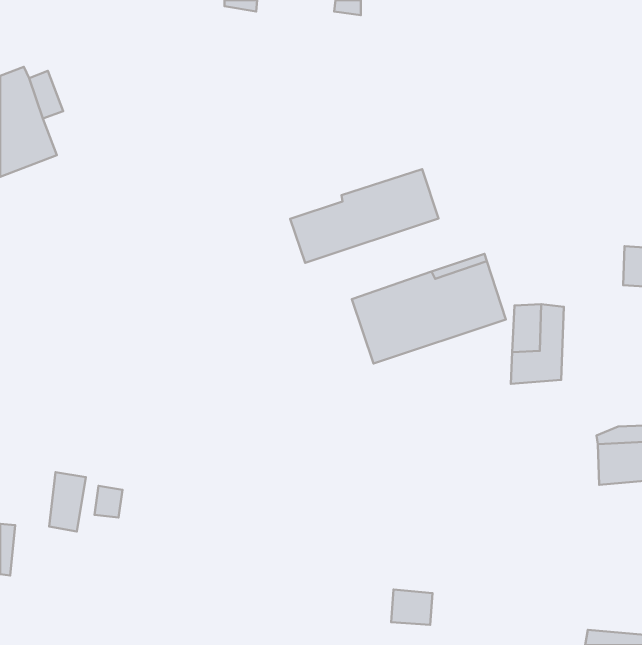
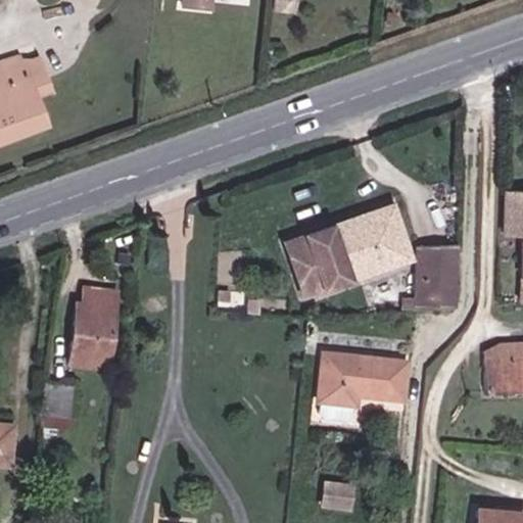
building: [290,169,439,263] -> none
building: none -> [68,287,117,369]
building: none -> [316,352,408,407]

